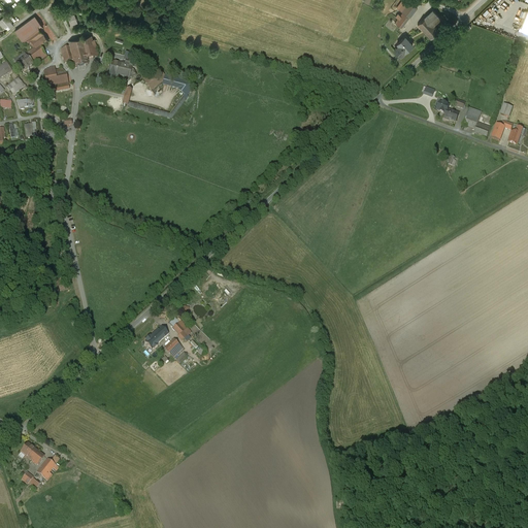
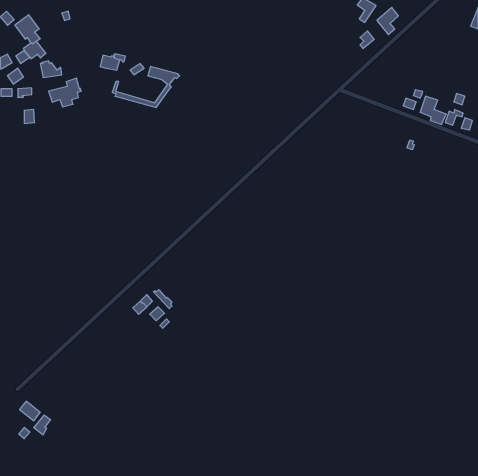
building: [61,34,97,66] -> [49,78,81,107]

